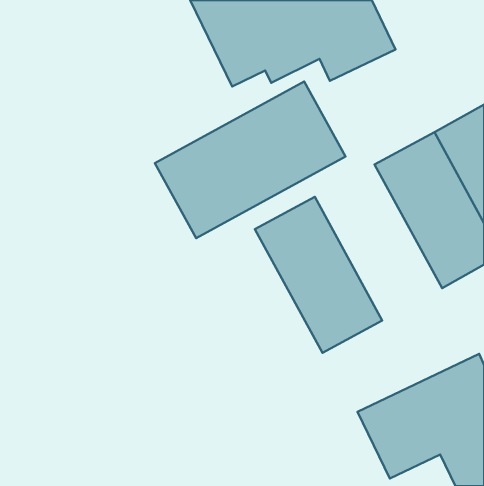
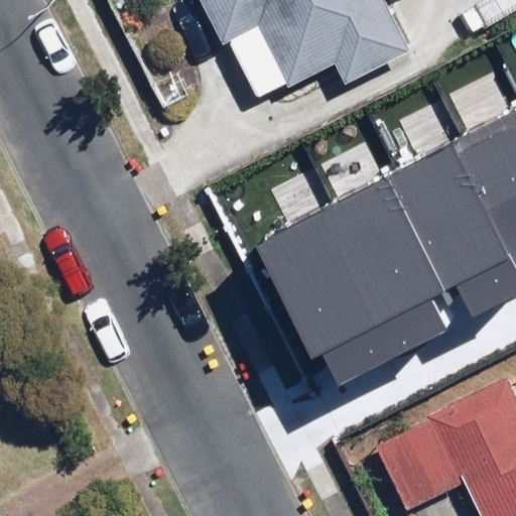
building: [155,82,346,238] -> none
building: none -> [334,174,469,340]

